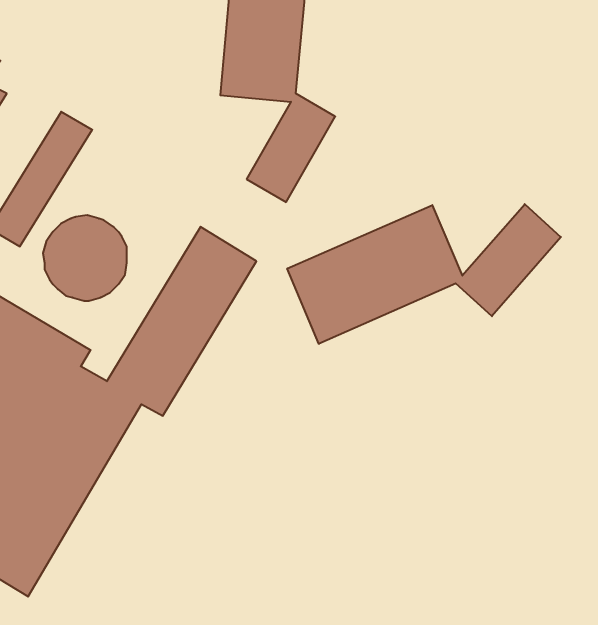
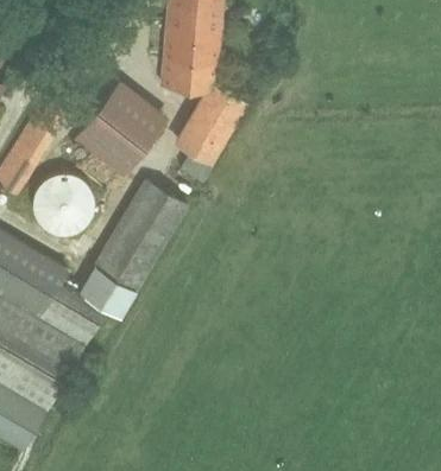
building: none -> [76,85,164,174]
building: [287,204,561,344] -> none

